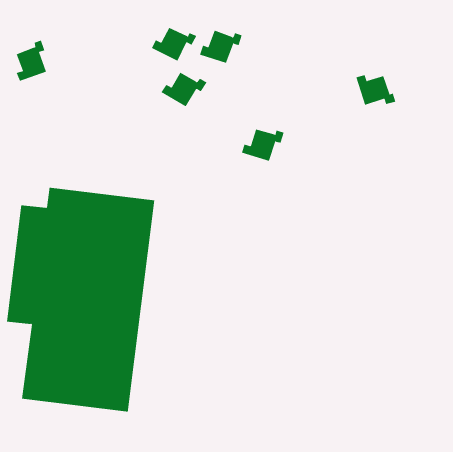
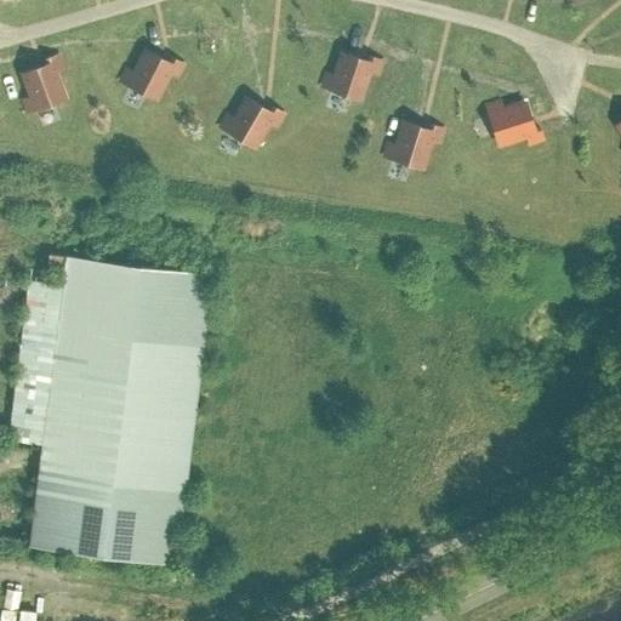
building: [151,27,197,62] -> [120,52,183,99]
building: [199,30,243,64] -> [321,53,381,99]
building: [241,129,285,162] -> [383,124,443,169]

